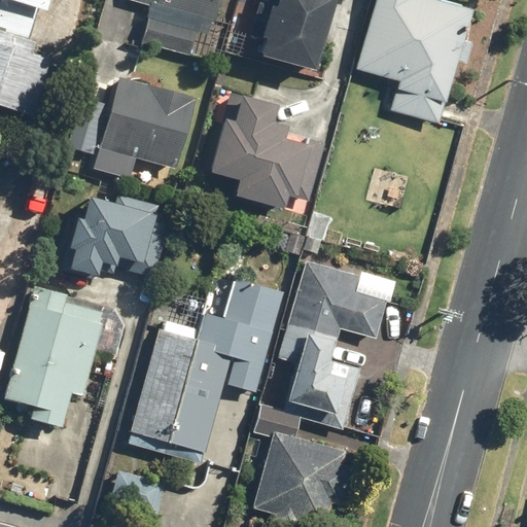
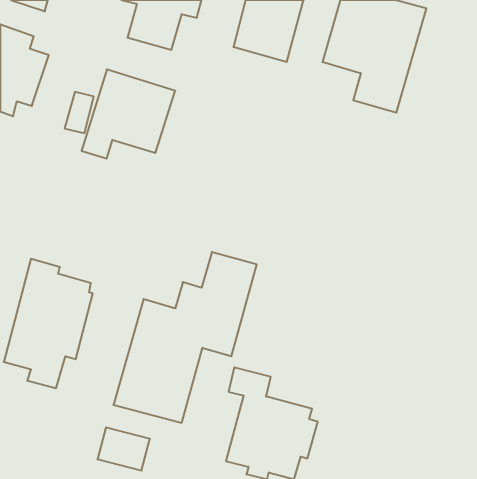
building: [212,94,325,207] -> none
building: [73,194,170,277] -> none
building: [277,259,387,426] -> none

